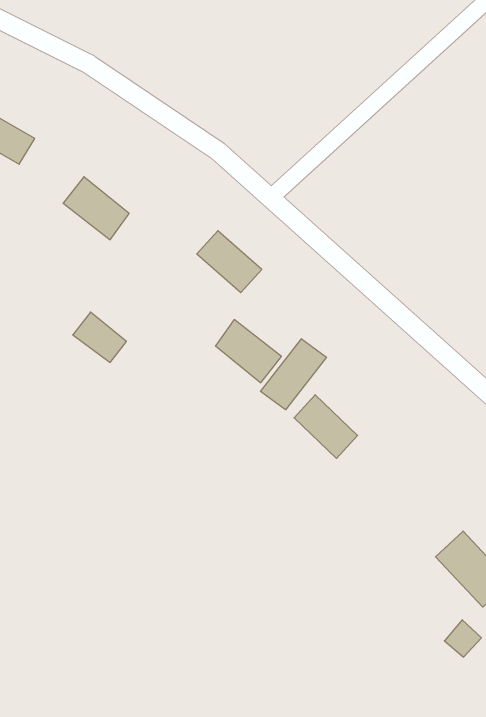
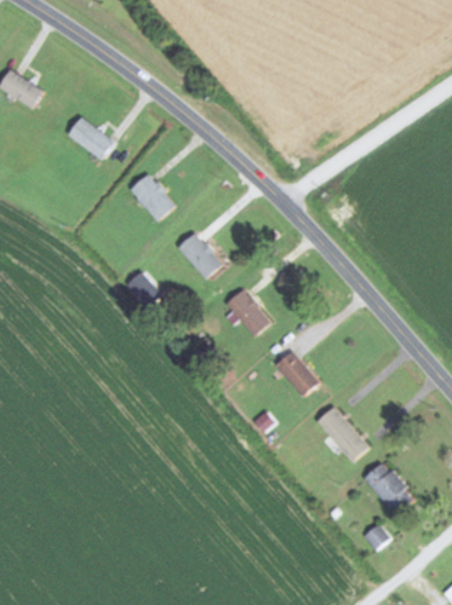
building: [197,231,262,293] -> [178,234,223,280]
building: [261,339,326,410] -> none
building: none -> [316,405,370,461]

